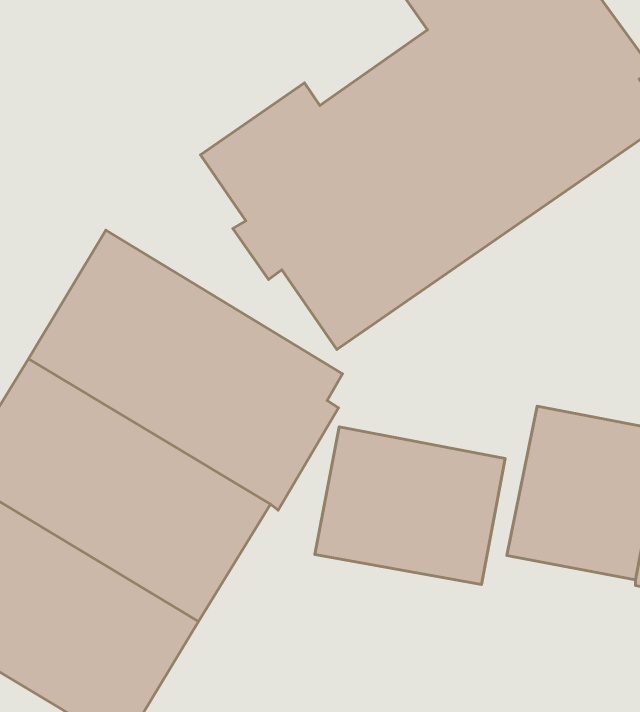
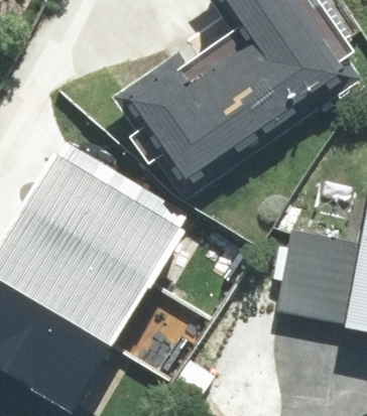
building: [315,427,505,585] -> none

